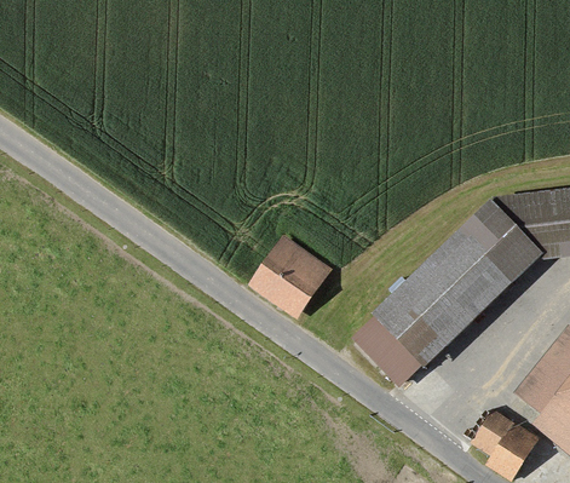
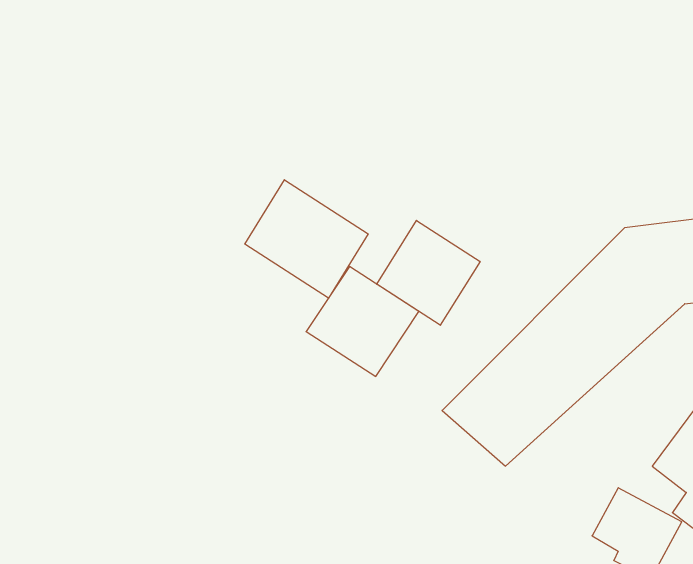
building: none -> [245,180,368,298]
building: none -> [377,220,480,325]

